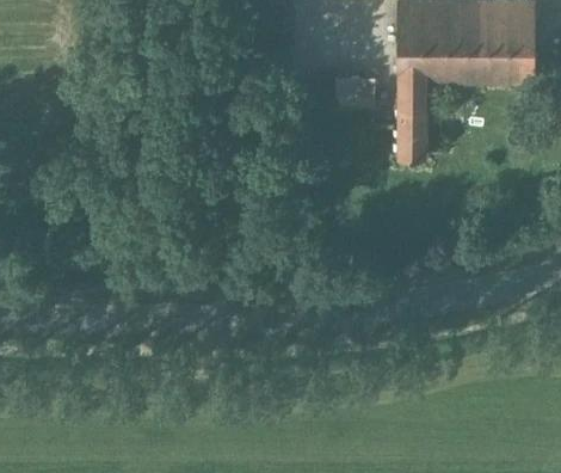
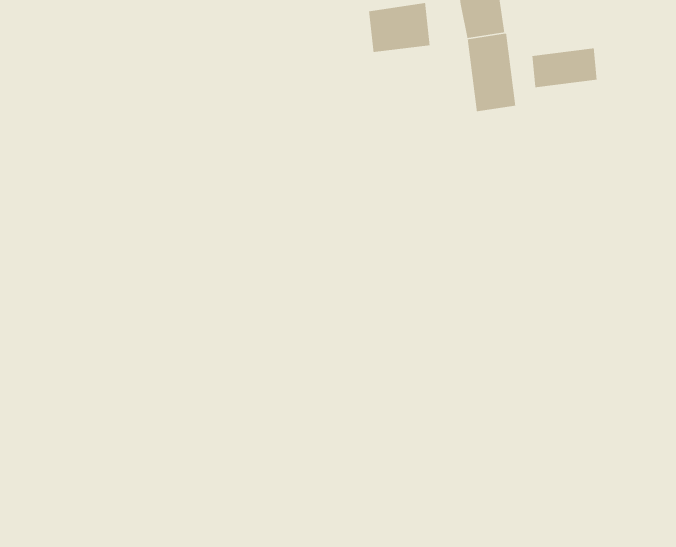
building: none -> [531,48,598,88]

